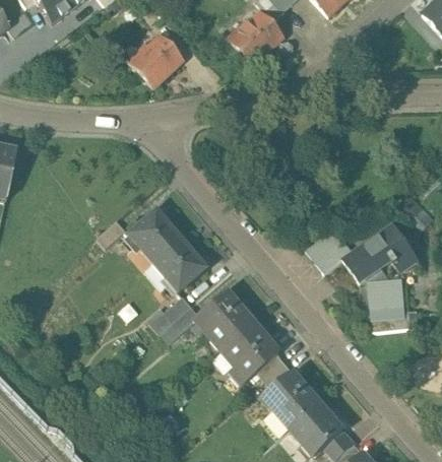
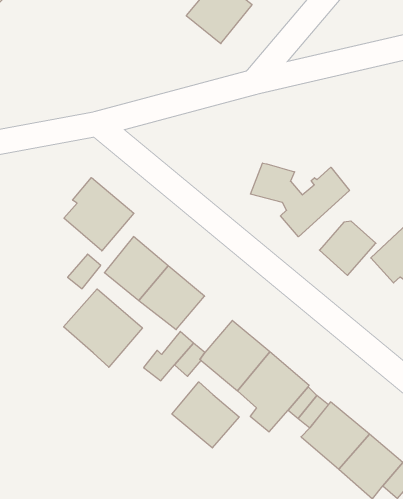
building: [128,35,182,86] -> none
building: none -> [64,178,134,251]
building: none -> [250,163,349,237]
building: none -> [64,289,142,367]
building: none -> [172,382,239,448]

